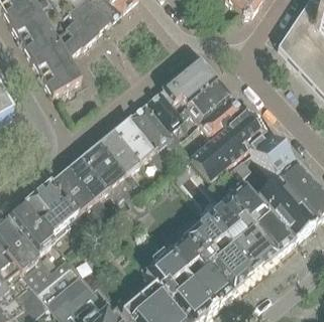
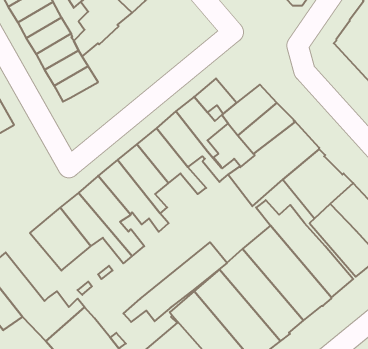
building: [181,58,217,94] -> none
building: [9,201,57,253] -> none
building: none -> [123,242,227,322]

